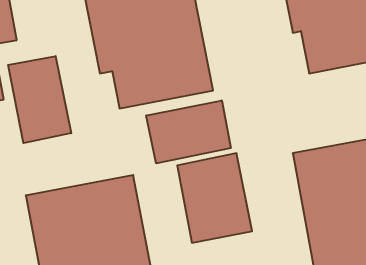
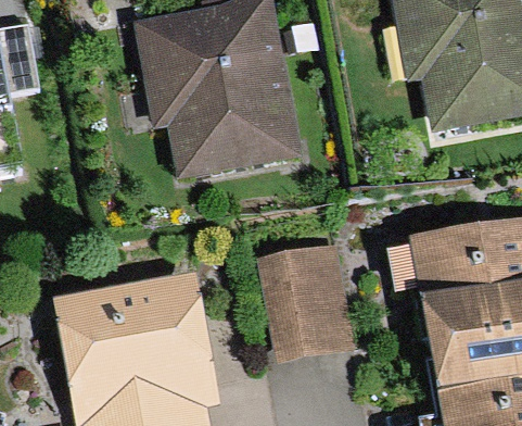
building: [8,56,71,143] -> none
building: [146,100,231,163] -> none

